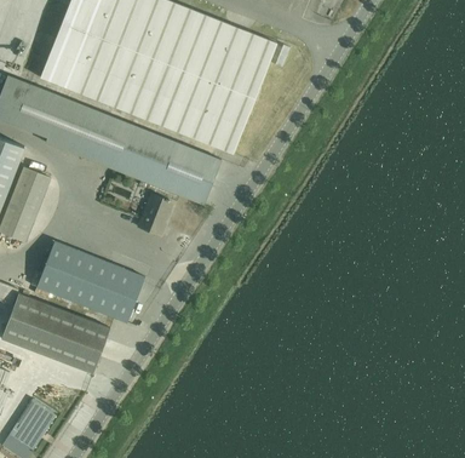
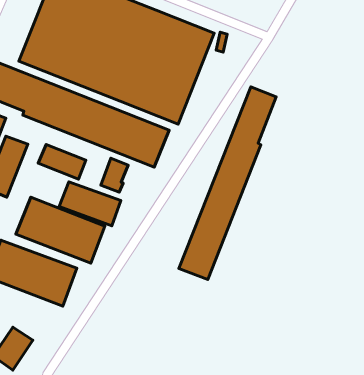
building: none -> [179,87,276,280]
building: none -> [38,145,86,179]
building: none -> [59,182,121,226]

